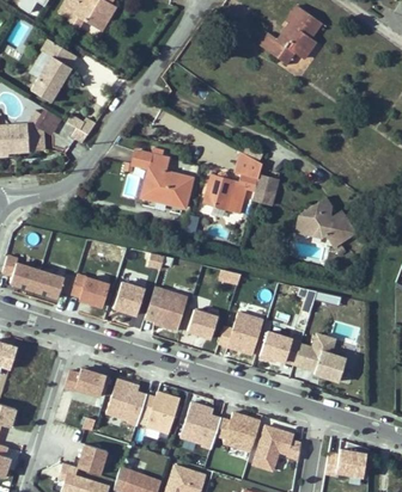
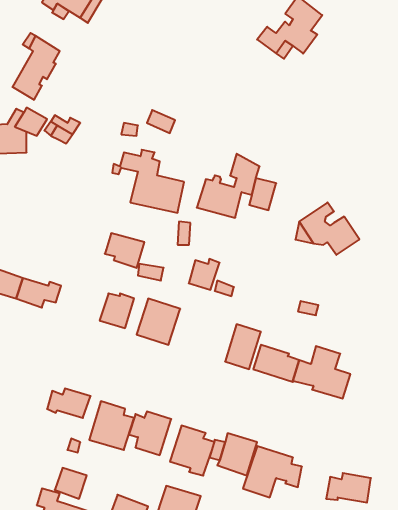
building: [71,275,108,307] -> [105,233,144,268]
building: [190,309,219,338] -> [189,259,220,290]

